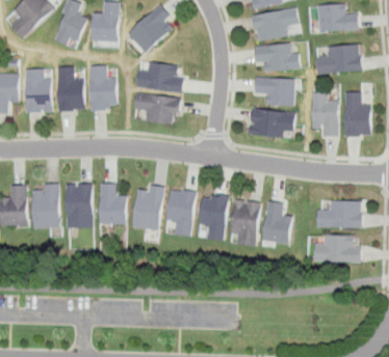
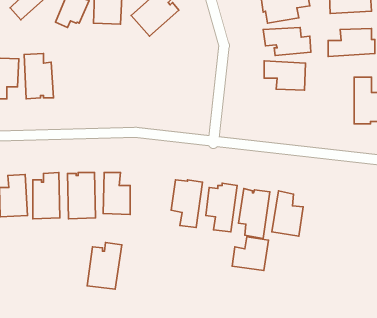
building: [135,62,184,93] -> none
building: [88,65,116,111] -> none
building: [56,67,83,112] -> none
building: [312,92,338,136] -> none
building: [134,93,180,123] -> none
building: [249,108,295,138] -> none
building: [131,186,164,230] -> [87,243,122,289]
building: [315,203,357,227] -> none
building: [312,237,357,263] -> none
building: none -> [232,237,268,271]

